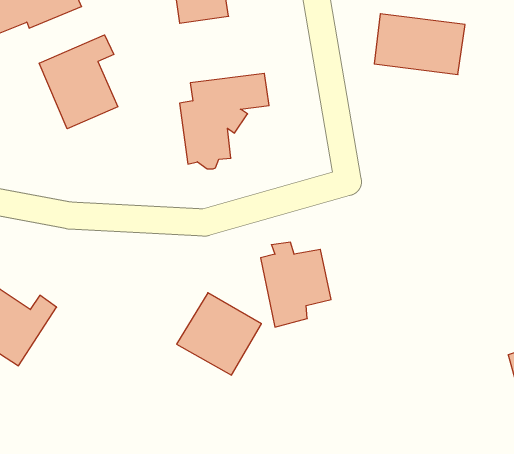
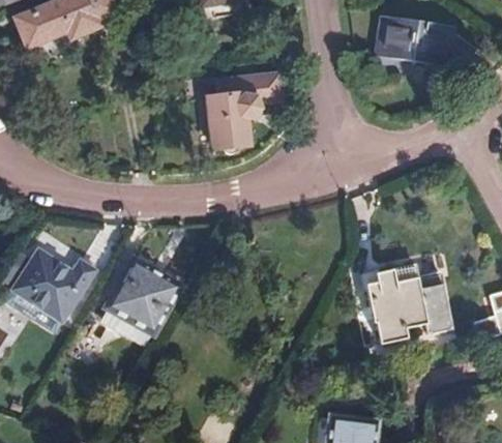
building: [39,35,118,129] -> none
building: [261,242,331,327] -> [374,271,435,345]
building: [177,293,261,375] -> [106,263,179,334]

